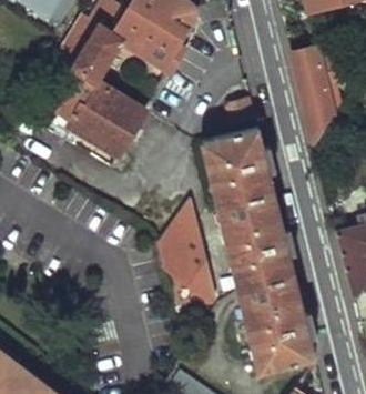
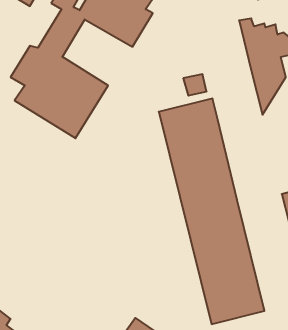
building: [165,218,218,305] -> none

